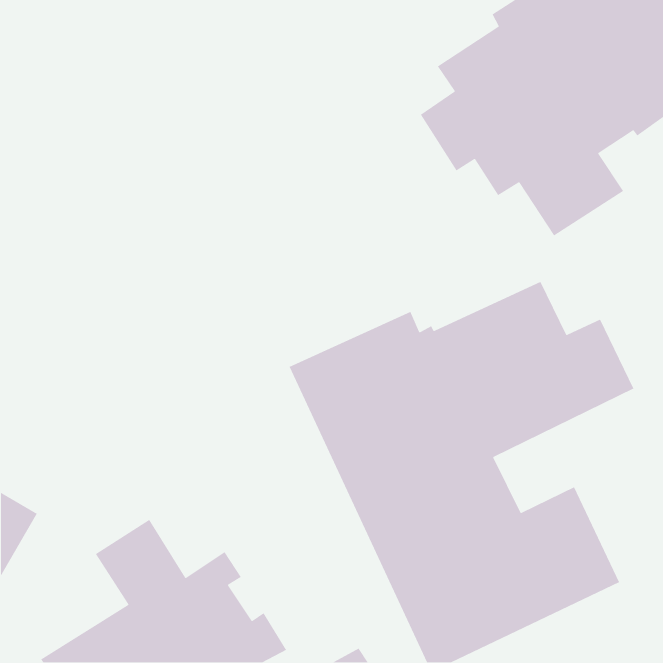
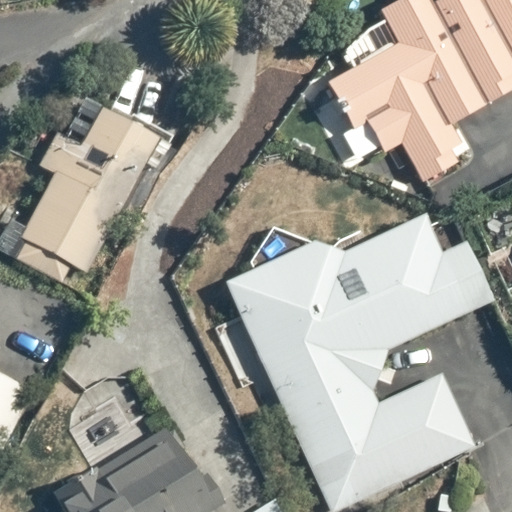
building: none -> [14,111,179,283]

